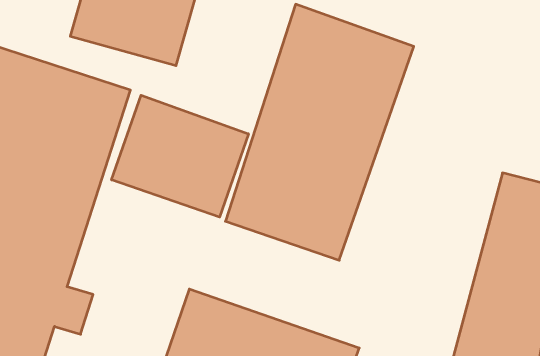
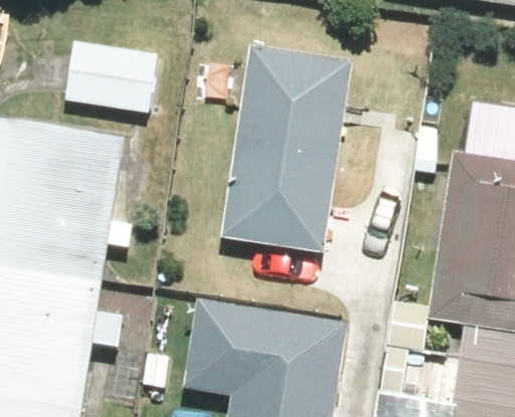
building: [112,95,248,217] -> none

